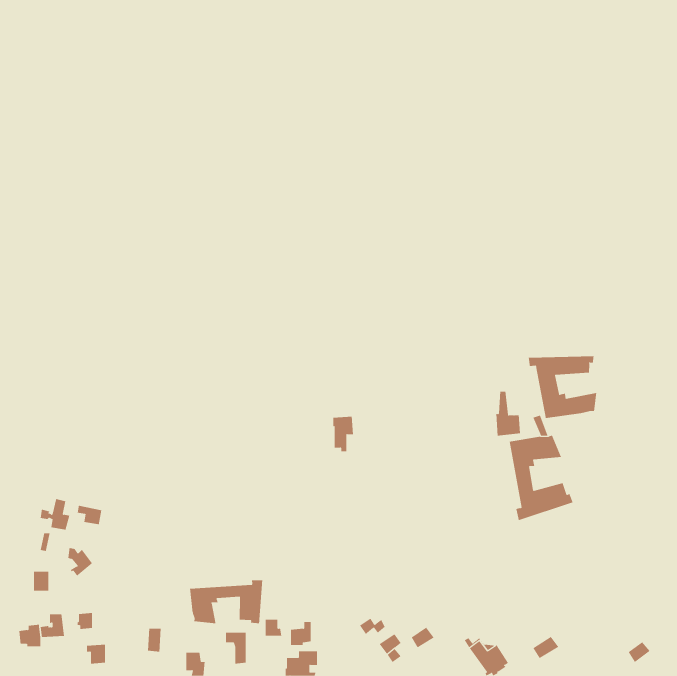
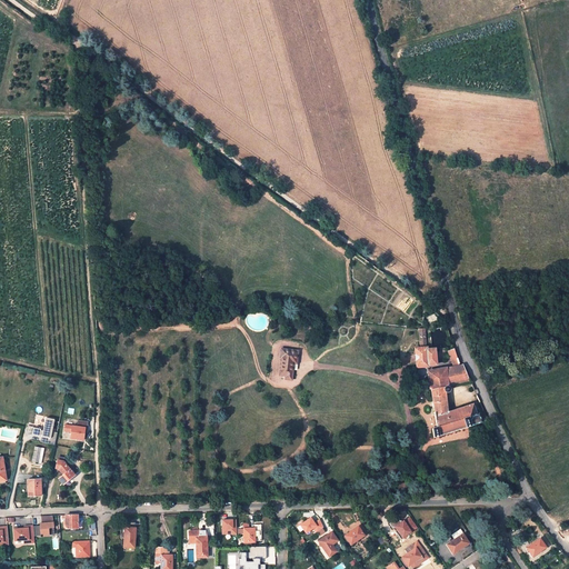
building: [528,355,597,419] -> none
building: [189,579,263,624] -> none

